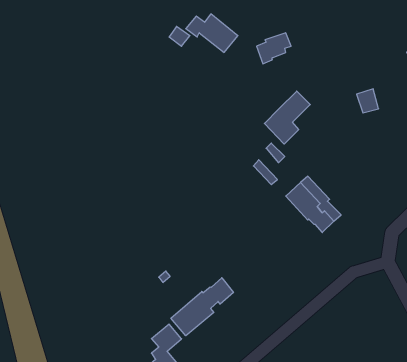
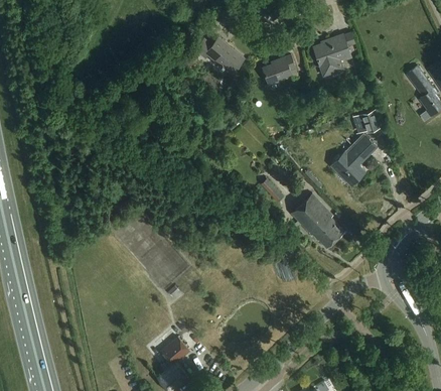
building: none -> [314,31,355,76]
building: [264,91,310,144] -> [332,134,377,185]
building: [171,278,233,336] -> none

